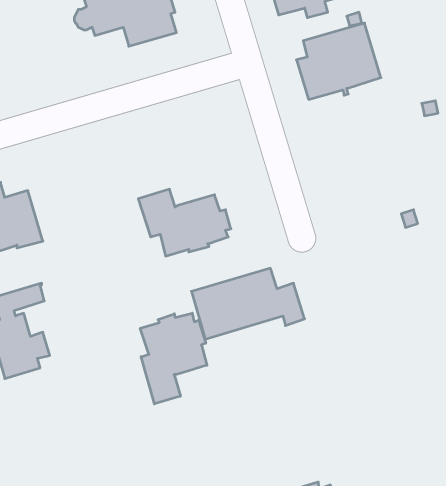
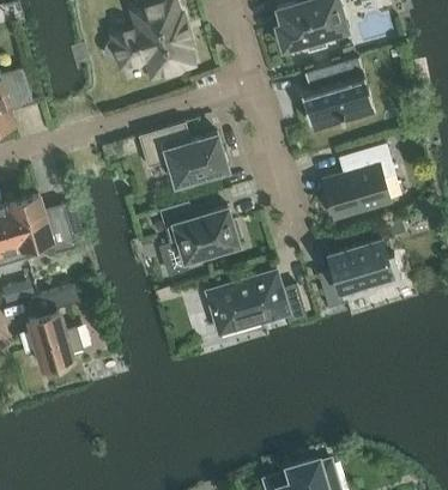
building: none -> [138,123,225,187]
building: none -> [322,146,394,220]
building: none -> [317,240,400,309]
building: [140,313,207,404] -> none

